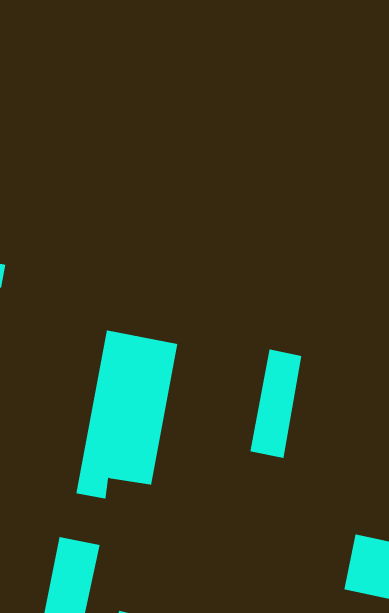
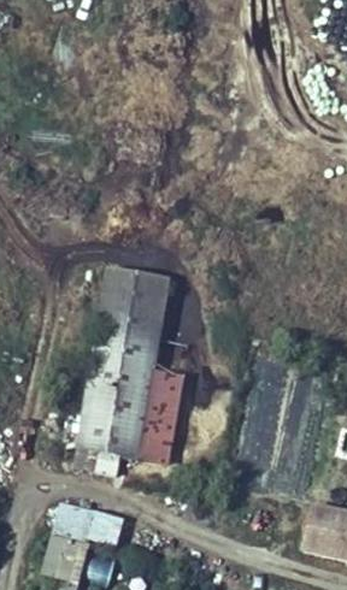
building: none -> [98,264,174,337]
building: [249,349,302,459] -> [137,371,183,466]

